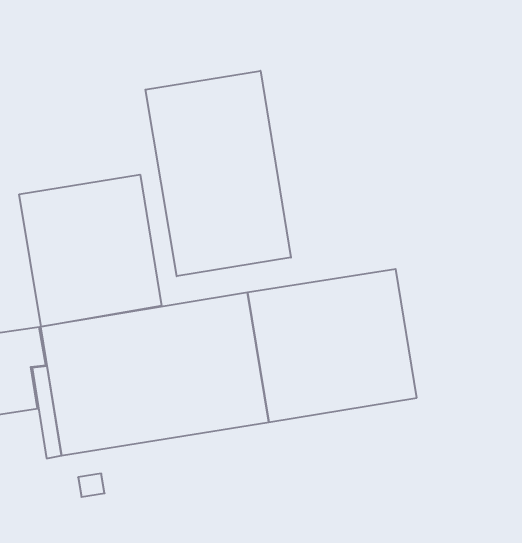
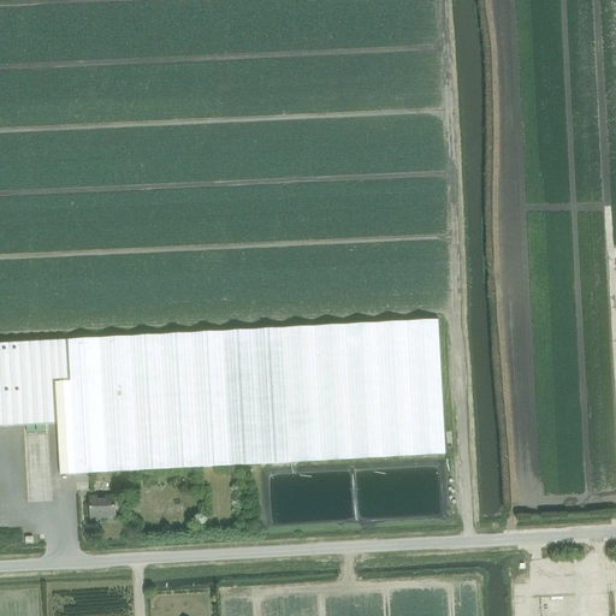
building: [145,71,291,276] -> none
building: [19,175,162,327] -> none

